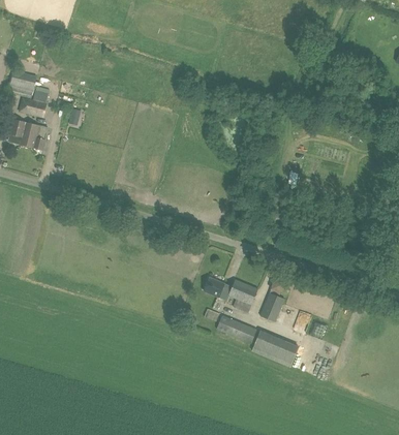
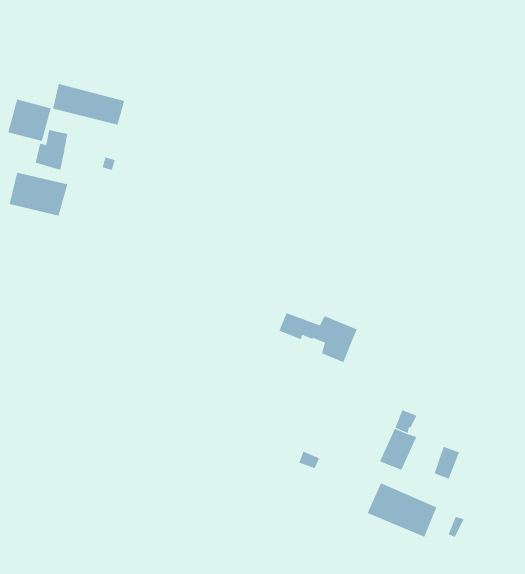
building: none -> [53,83,125,126]
building: [204,278,257,312] -> [278,313,358,363]
building: [215,315,256,343] -> none

